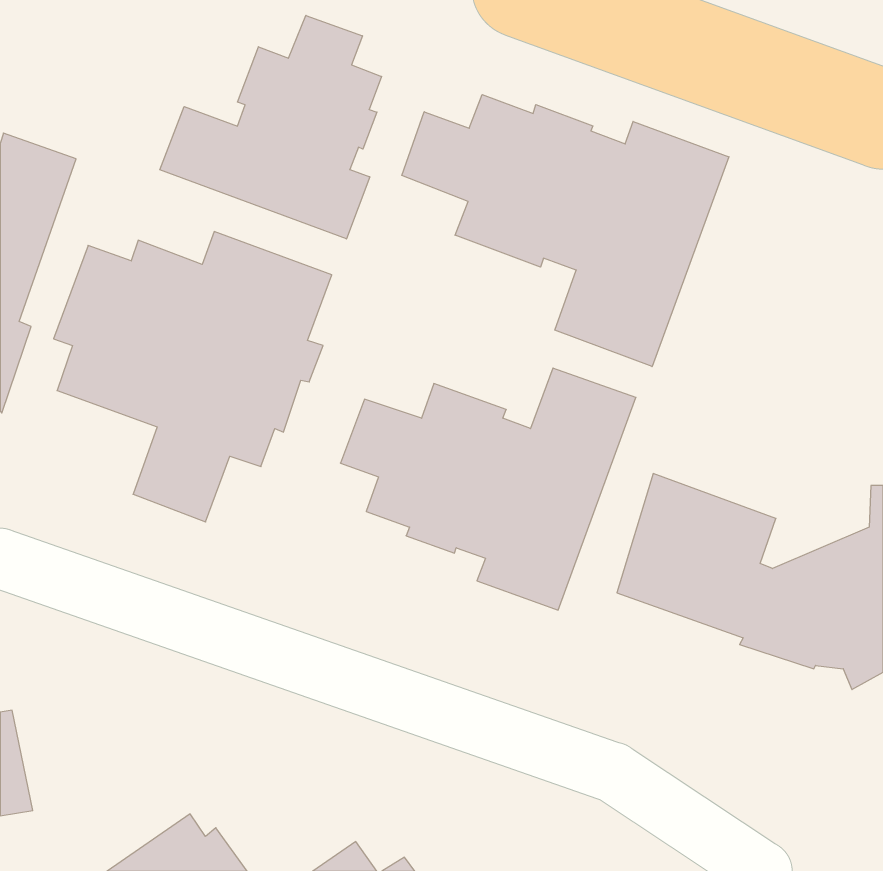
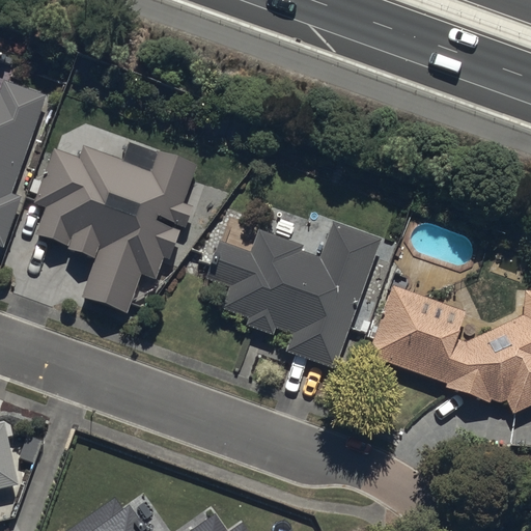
building: [160,15,382,239] -> none
building: [402,95,729,367] -> none

